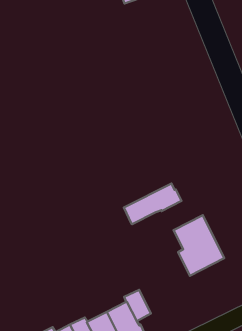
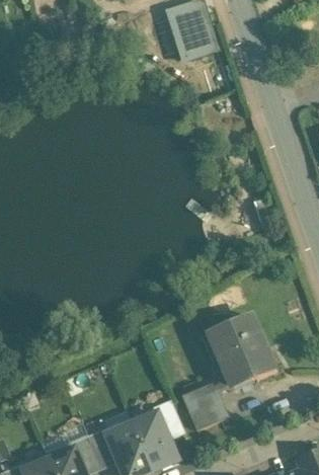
building: [124,183,181,224] -> none
building: none -> [182,390,229,428]

